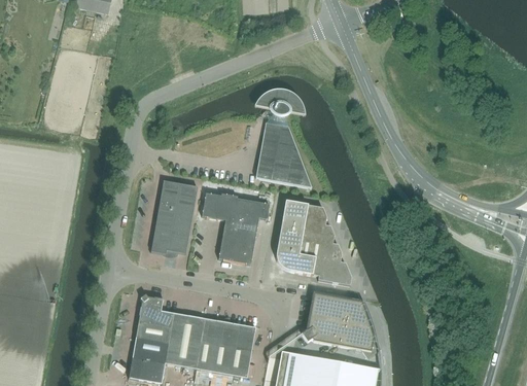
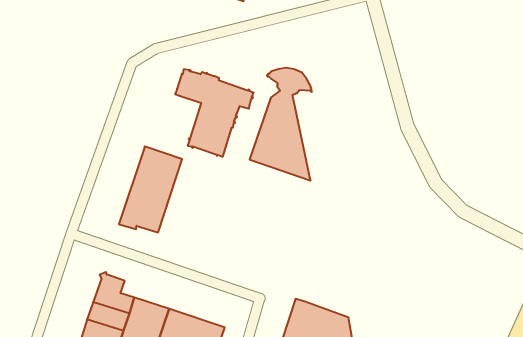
building: [202,194,270,265] -> [175,69,254,157]
building: [277,201,352,285] -> none

